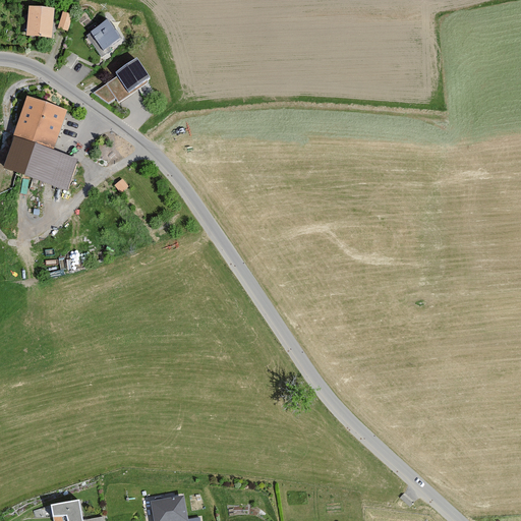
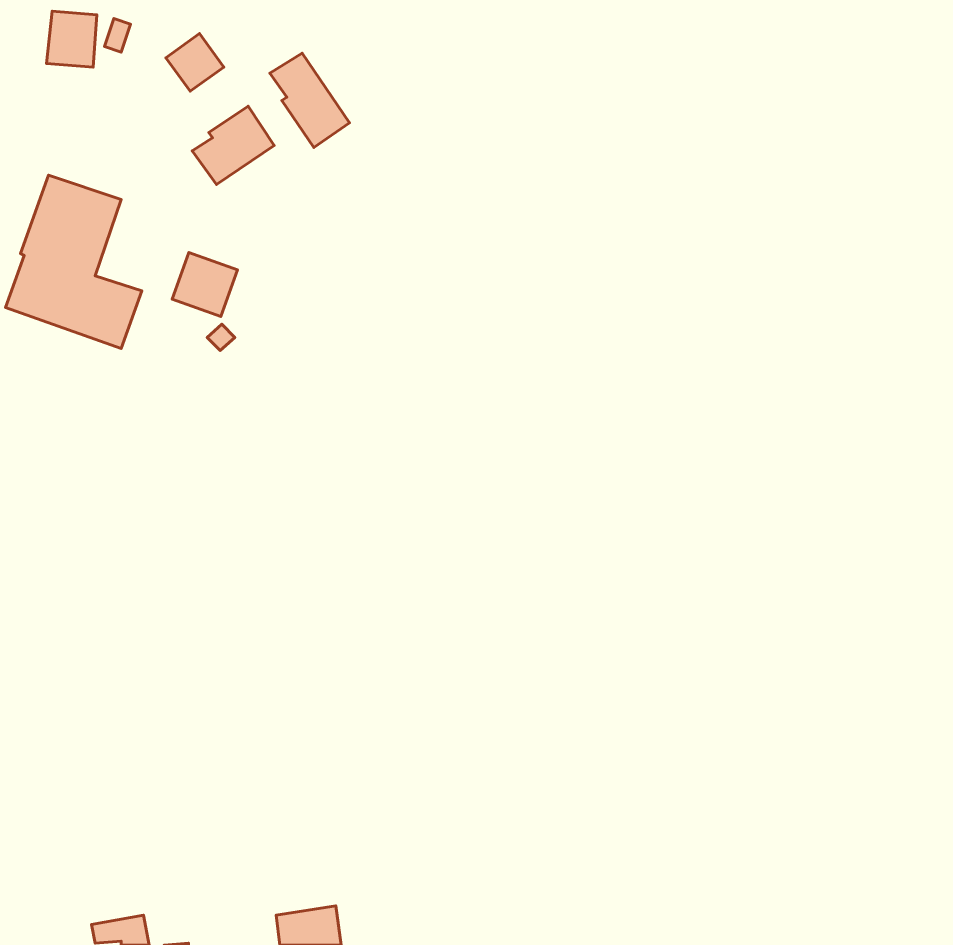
building: none -> [270,53,349,147]
building: none -> [172,252,237,316]

